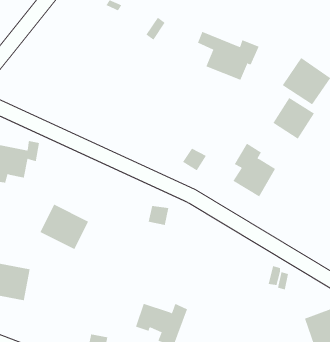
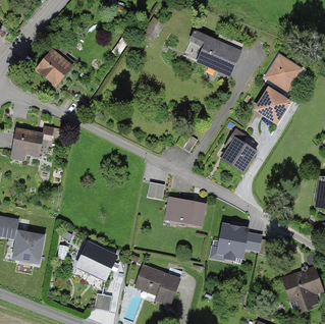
building: none -> [35,49,73,88]
building: [40,204,89,250] -> [75,240,118,280]
building: none -> [167,196,205,225]
building: none -> [217,223,248,258]

